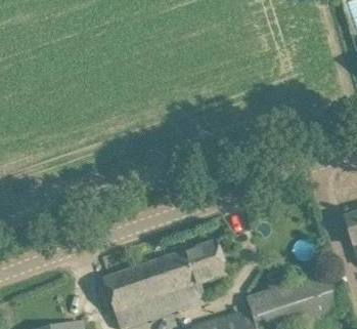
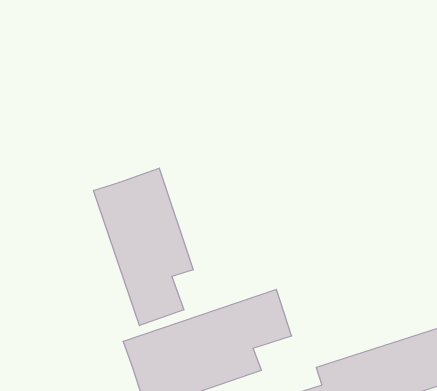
building: none -> [94,168,193,326]

